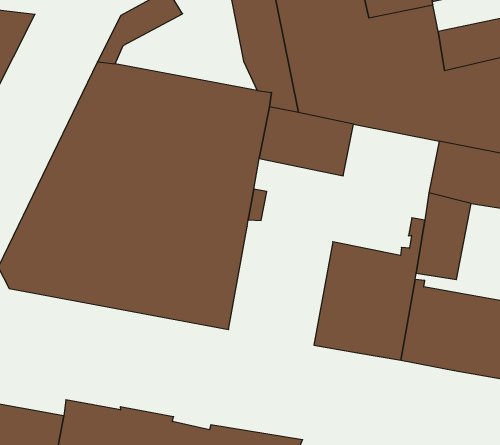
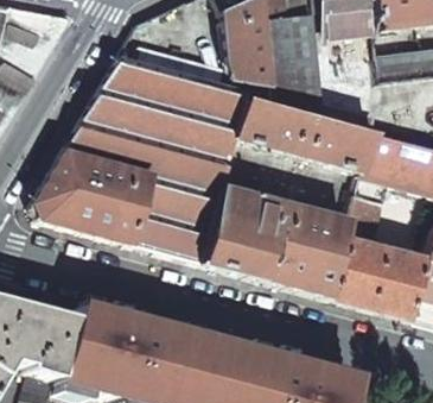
building: none -> [298,115,371,171]
building: none -> [203,185,286,278]

